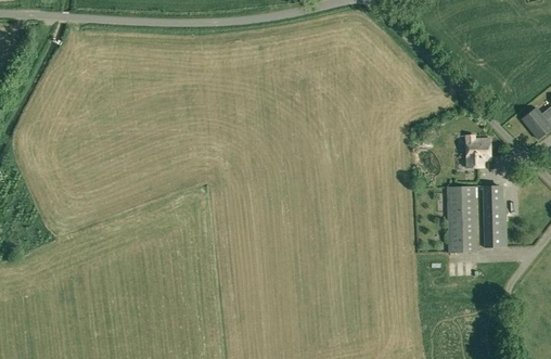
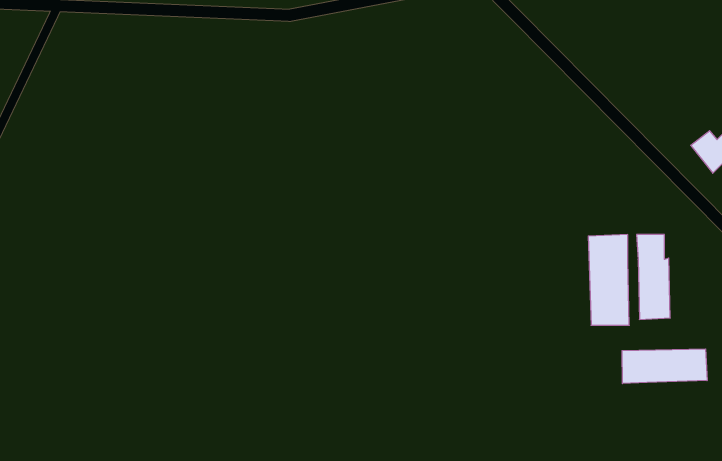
building: [465,136,490,167] -> none
building: none -> [622,349,707,384]

